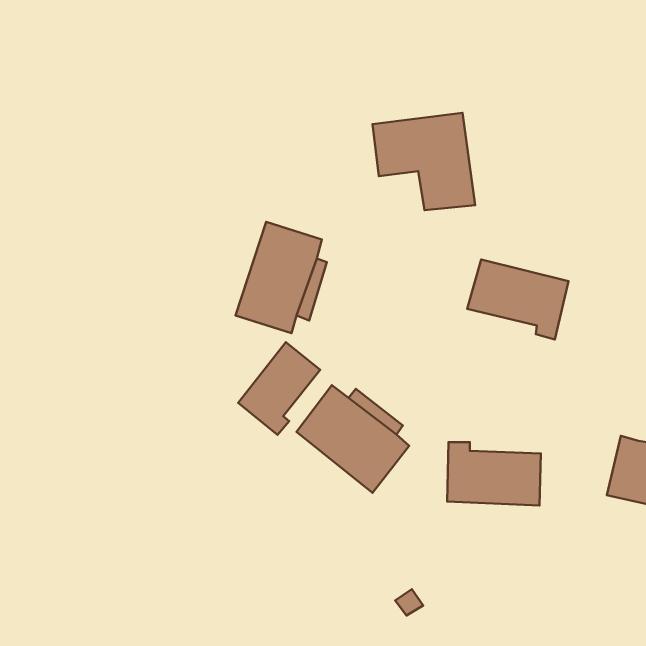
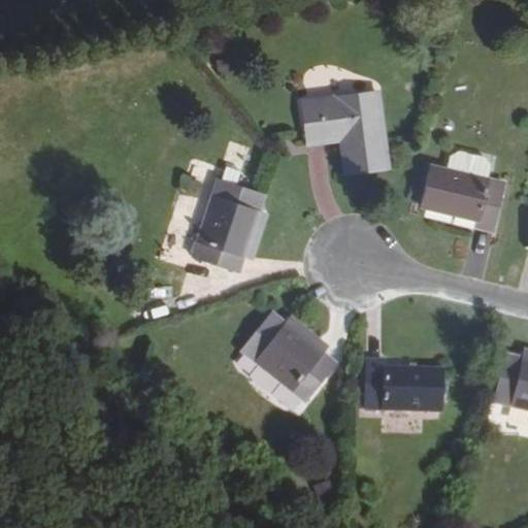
building: [467,260,569,339] -> [421,166,503,231]
building: [238,342,320,435] -> none

